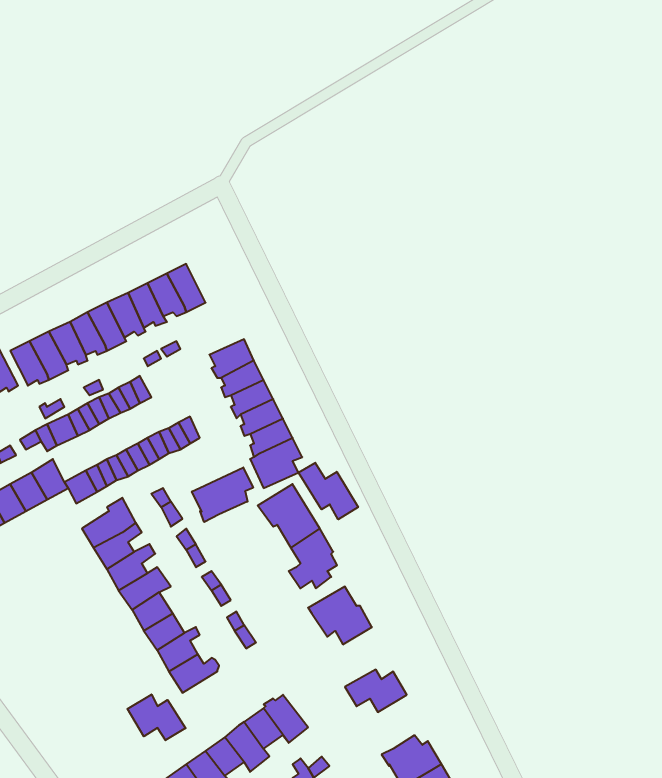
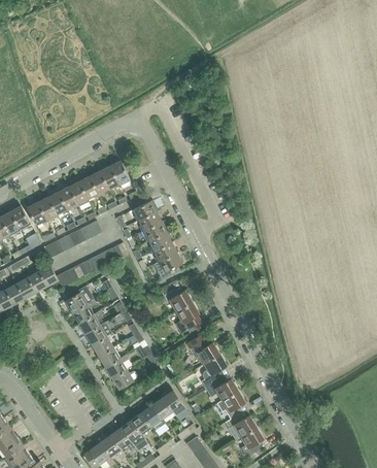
building: [298,463,358,519] -> none
building: [192,467,253,522] -> none
building: none -> [202,354,227,386]
building: [127,694,186,740] -> none
building: none -> [217,390,245,419]

